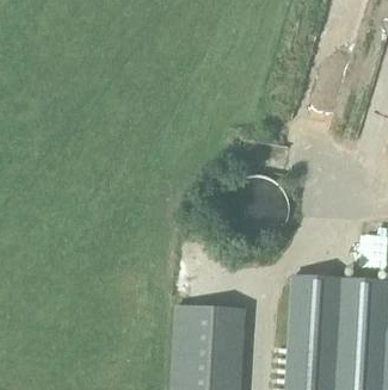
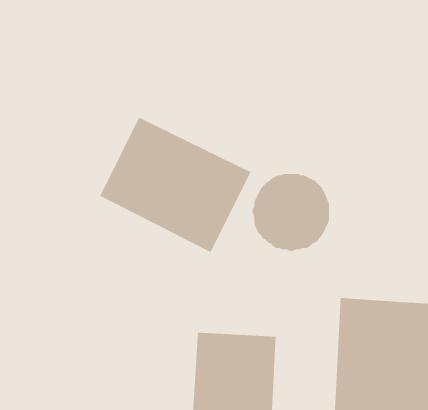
building: none -> [99,117,251,253]

